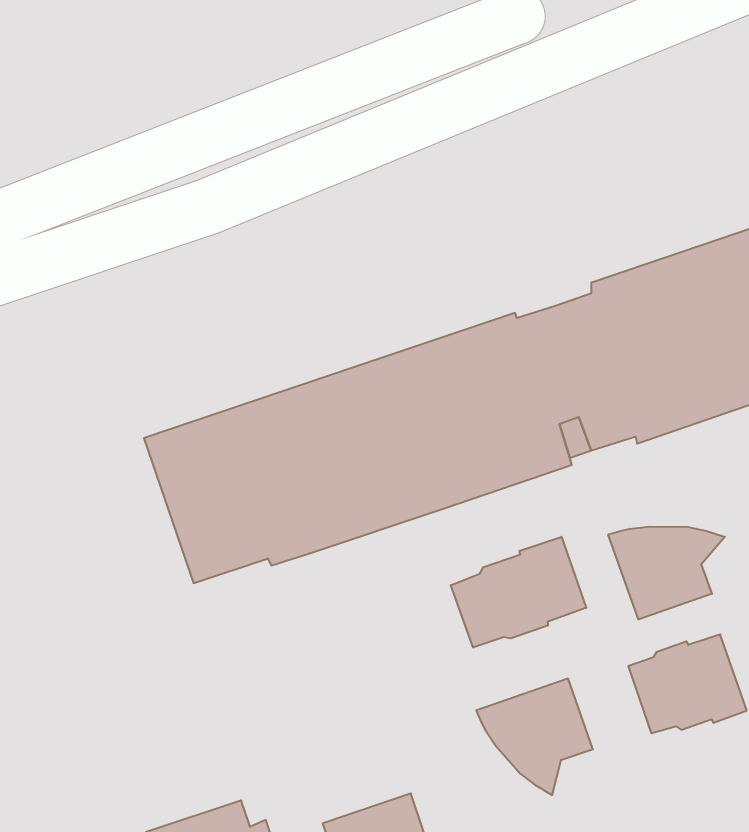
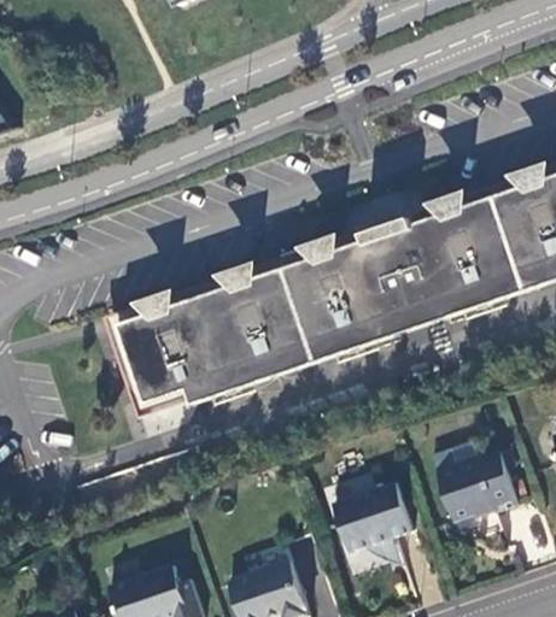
building: [608,527,725,619] -> none
building: [451,537,586,648] -> none

